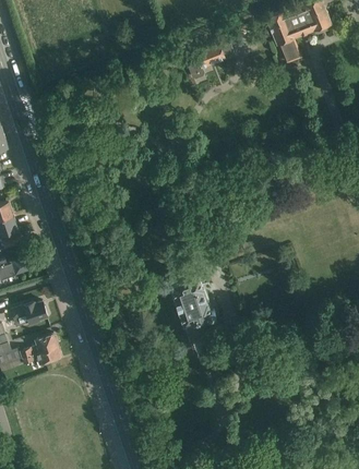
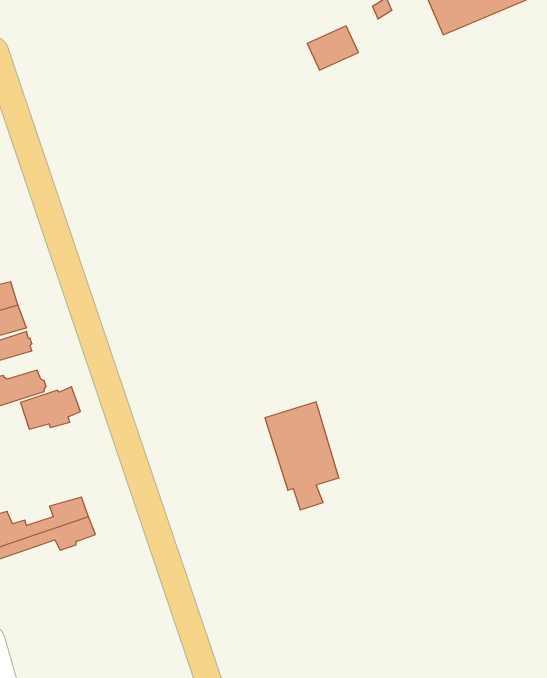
building: [10,301,47,327] -> [20,387,80,429]

